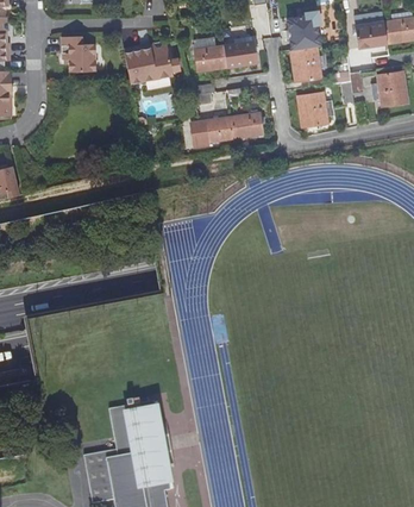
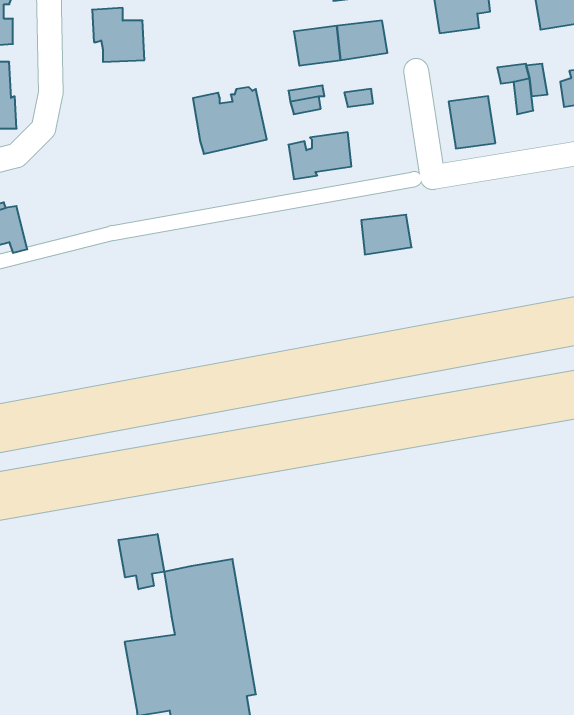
building: [124,40,172,84] -> [193,87,267,154]
building: [291,48,322,82] -> none
building: [231,113,264,139] -> [361,215,412,254]
building: none -> [119,534,164,589]

